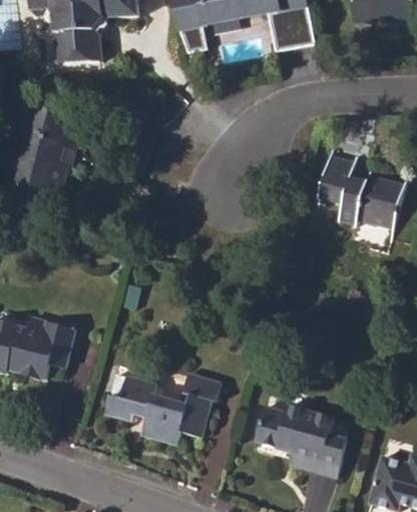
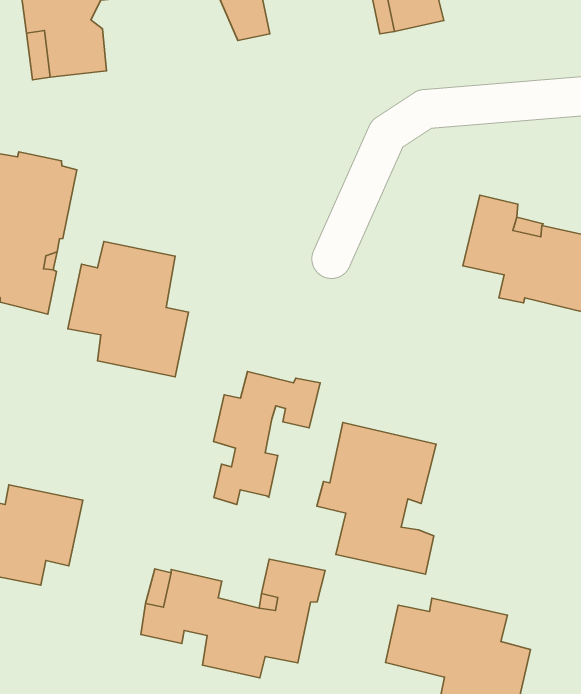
building: none -> [68,241,189,377]
building: none -> [214,372,320,505]
building: none -> [317,422,436,574]

